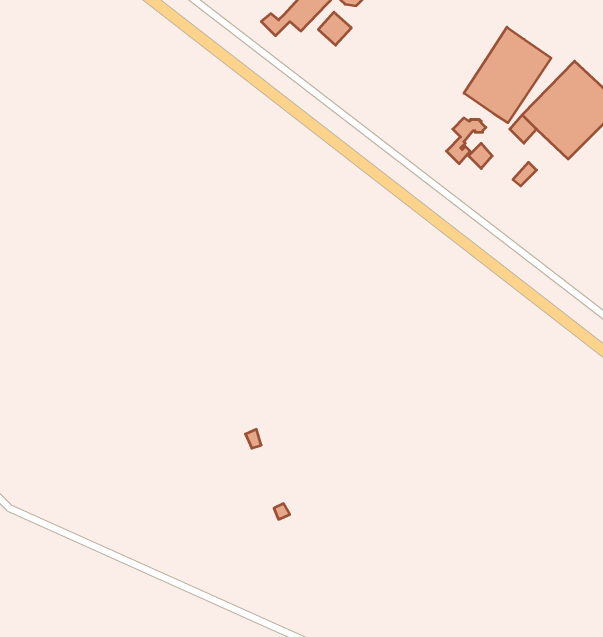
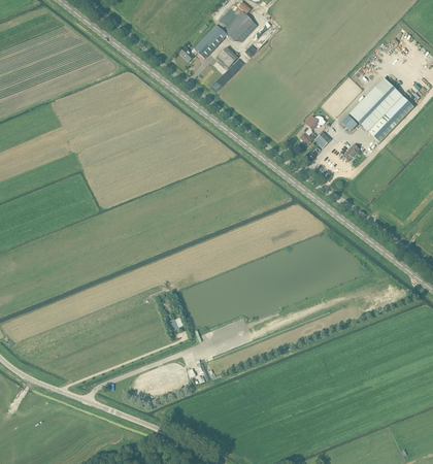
building: [464,27,551,123] -> none

